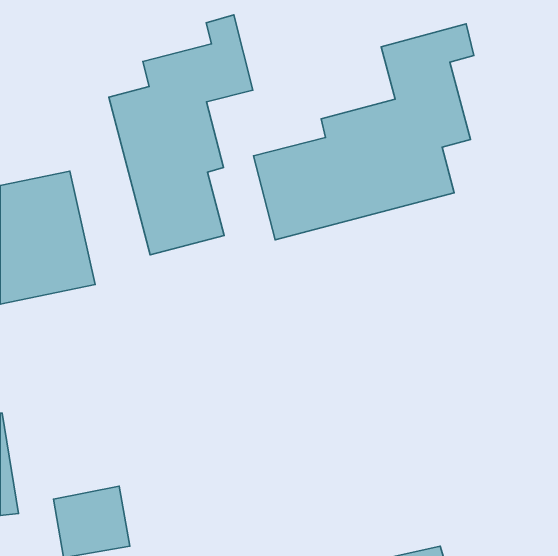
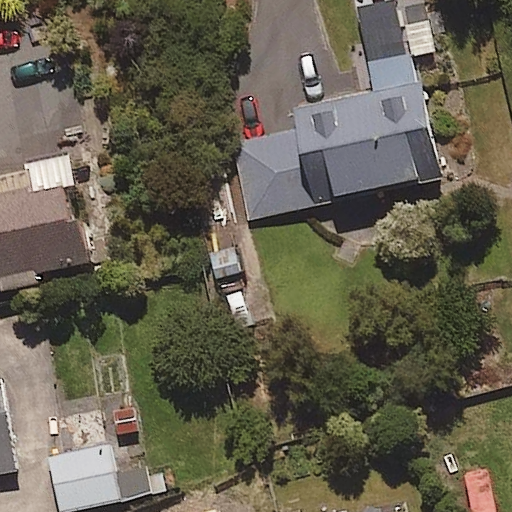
building: [109,15,253,255] -> none

